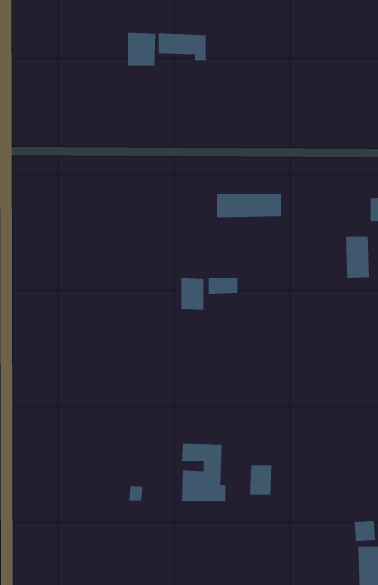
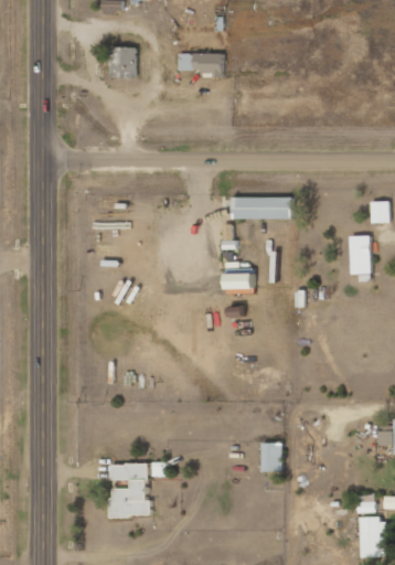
building: [127,32,156,66] -> [109,46,136,77]
building: [181,277,204,310] -> none
building: [181,443,226,502] -> [109,463,150,516]

